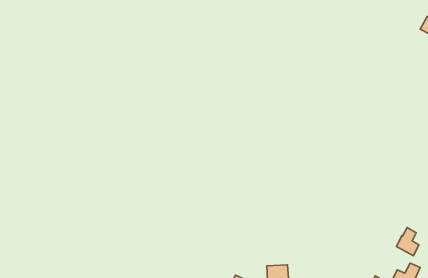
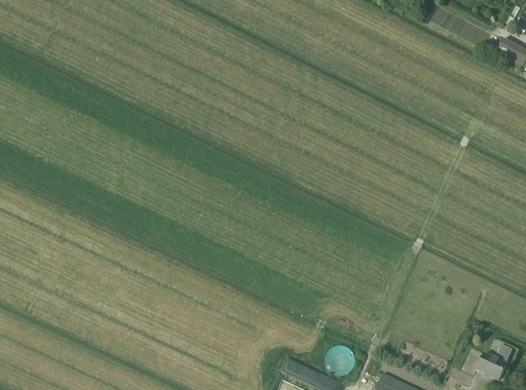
building: [396,228,419,256] -> none

